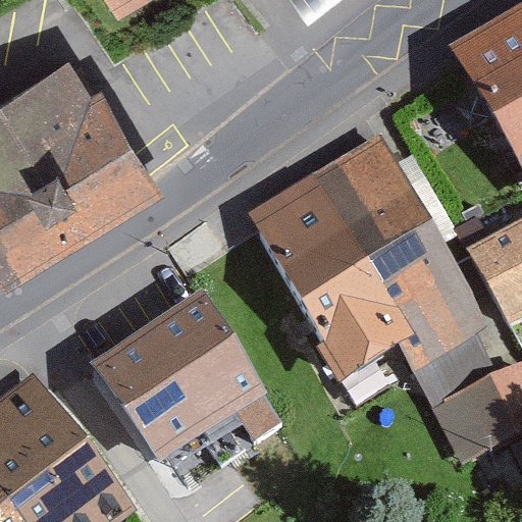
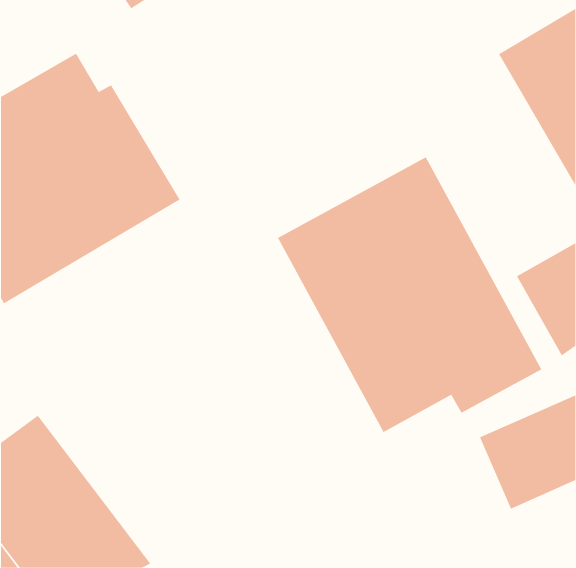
building: [89,290,271,469] -> none

